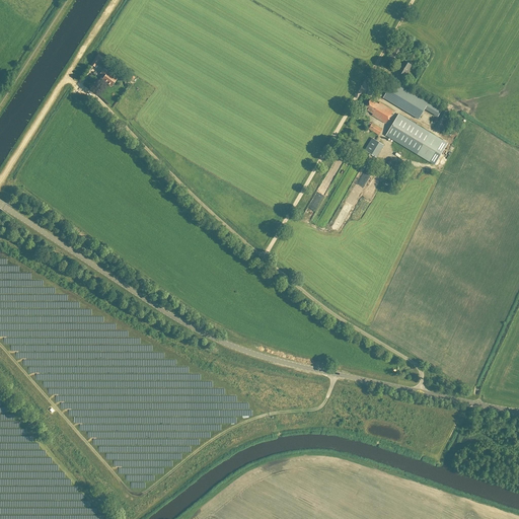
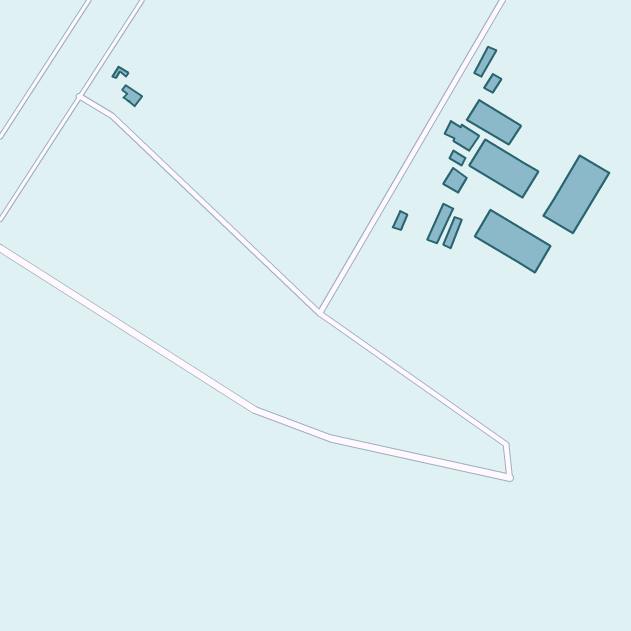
building: none -> [543,155,609,233]
building: none -> [475,210,550,273]

